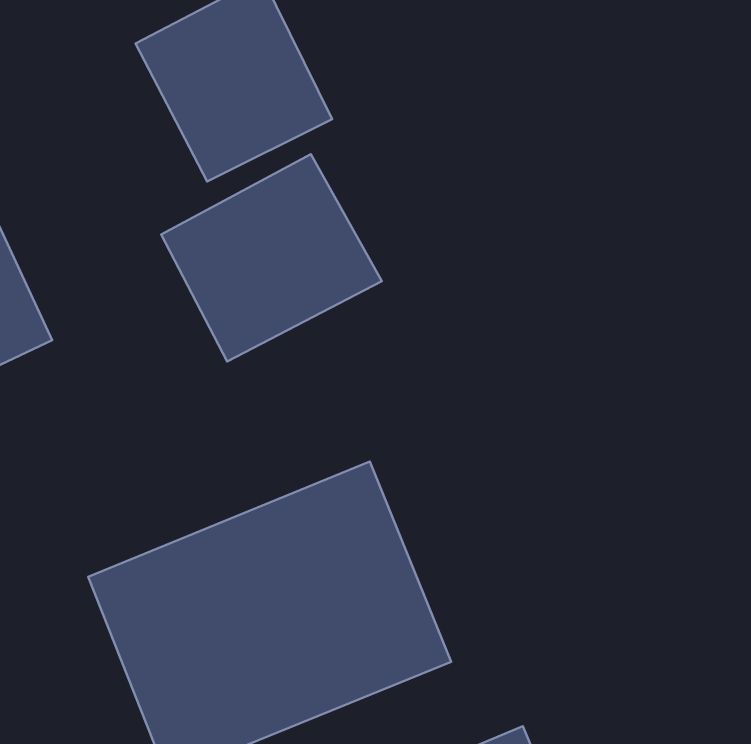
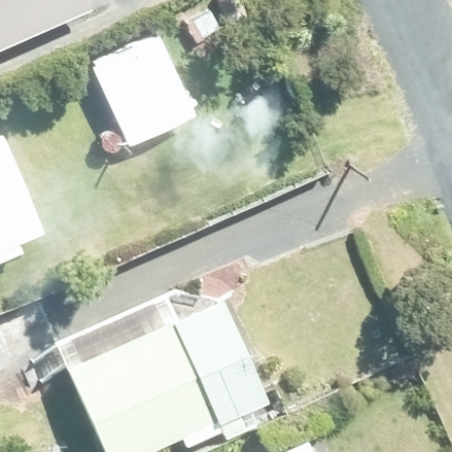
building: [161,154,382,361] -> none

